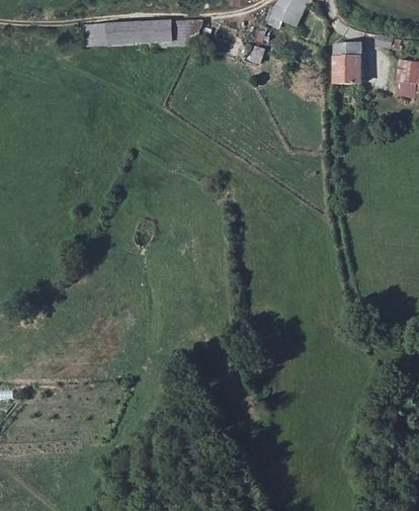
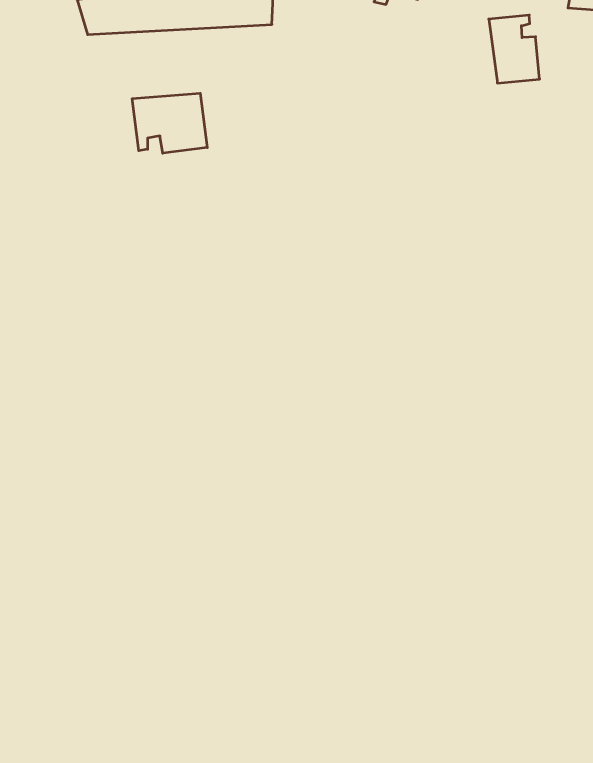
building: none -> [132,93,207,153]

